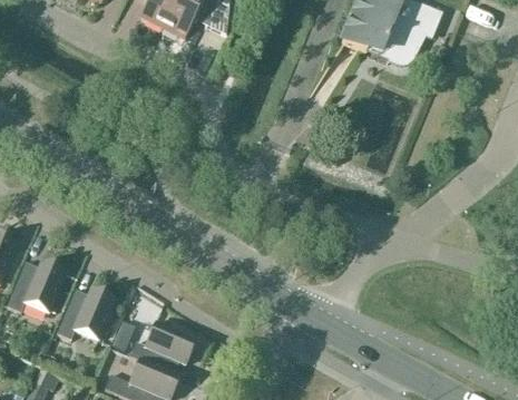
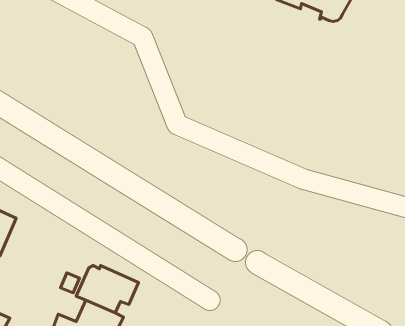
building: [56,287,115,339] -> none

